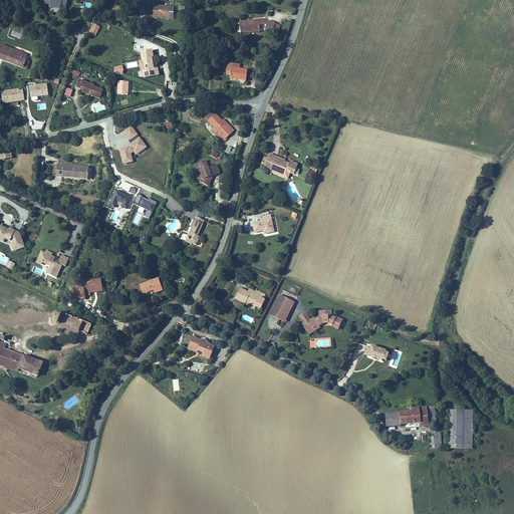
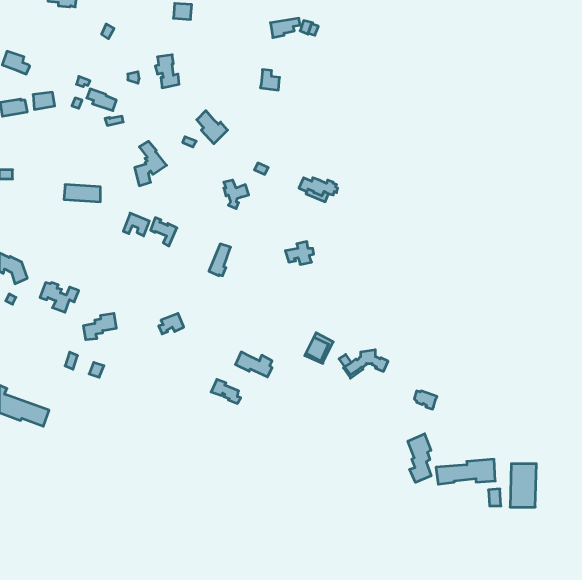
building: [206,111,233,141] -> [197,111,228,144]
building: [232,285,264,307] -> [235,352,272,377]
building: none -> [408,434,431,482]

